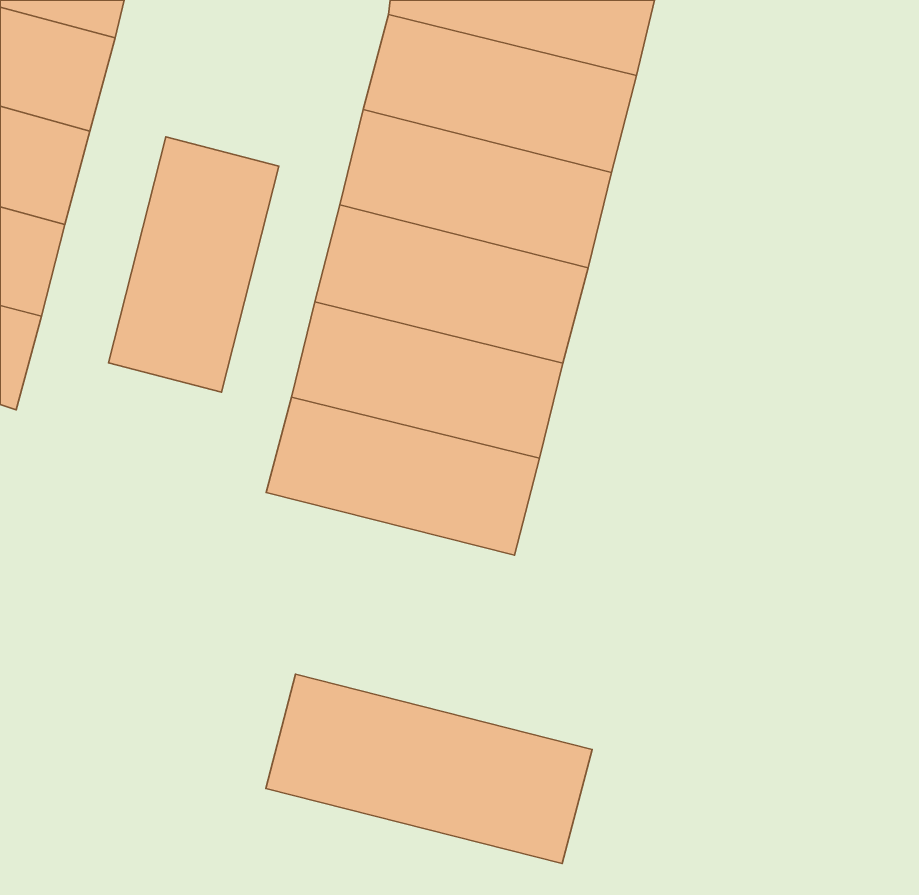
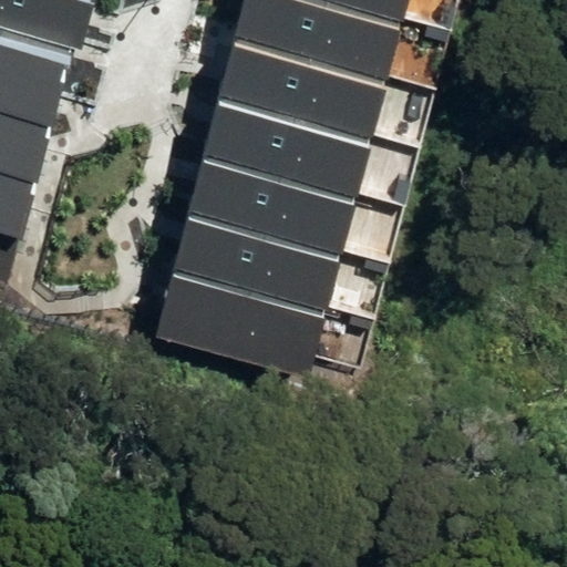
building: [109,137,279,392] -> none
building: [266,674,592,864] -> none

